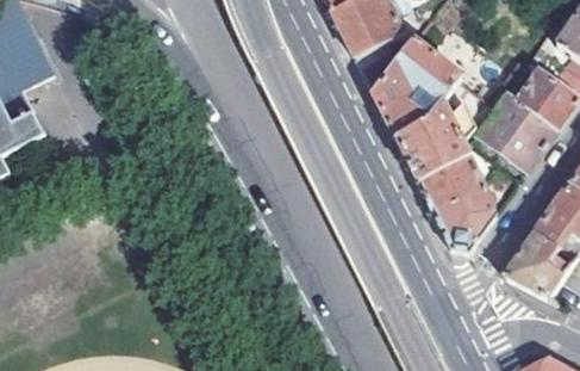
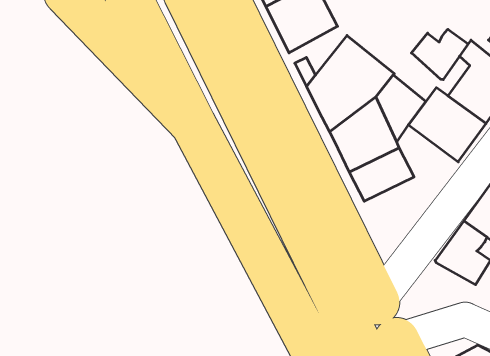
building: none -> [411,29,468,80]
building: [430,183,495,248] -> none

